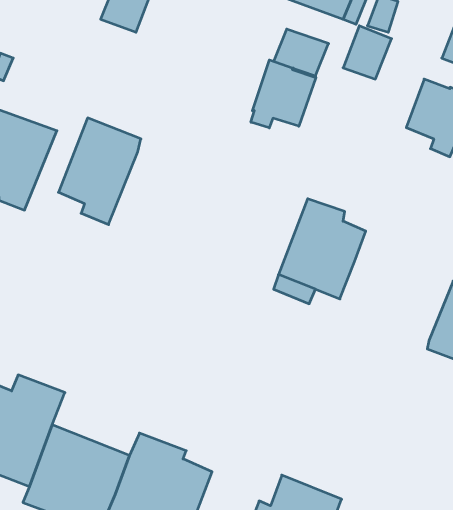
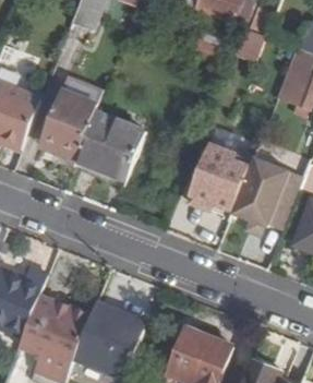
building: [251,60,316,128] -> none
building: none -> [75,111,145,181]
building: none -> [231,161,300,237]

